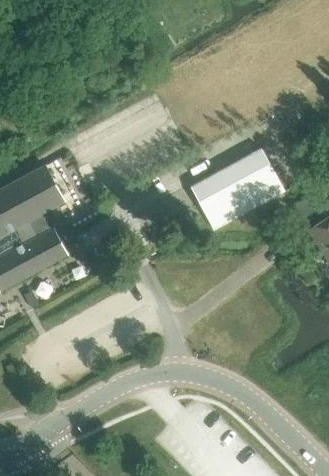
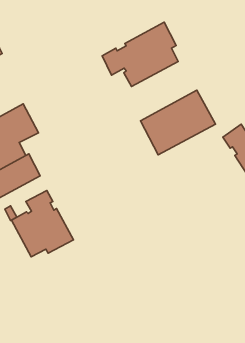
building: none -> [102,22,178,87]
building: none -> [12,191,74,257]

